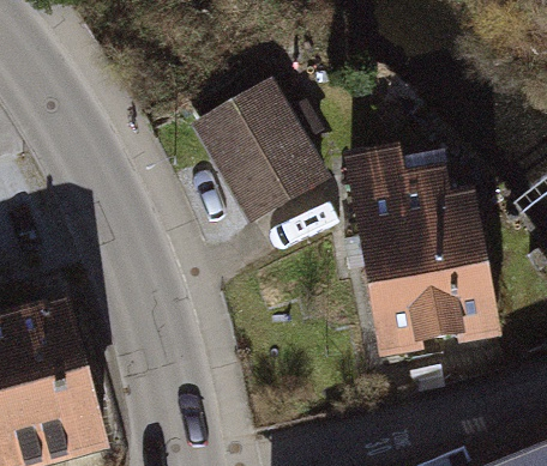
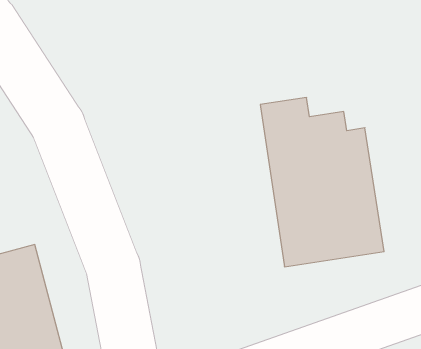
building: [193,78,329,222] -> none

